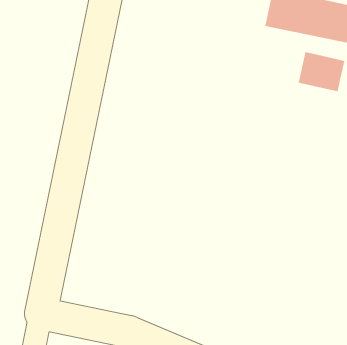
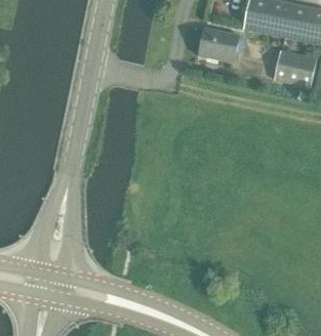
building: none -> [198,28,238,62]

